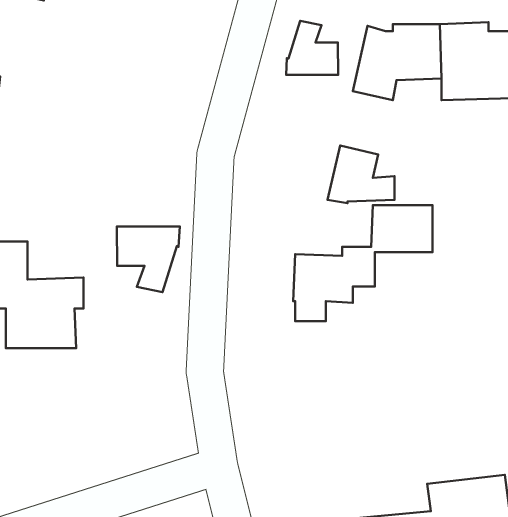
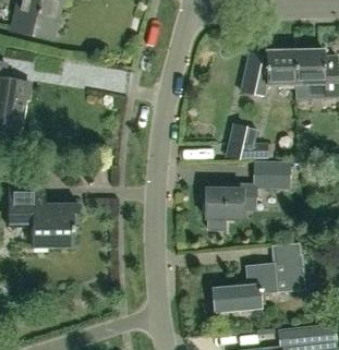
building: [286,21,338,75] -> none
building: [117,226,180,292] -> none
building: none -> [214,242,305,312]

